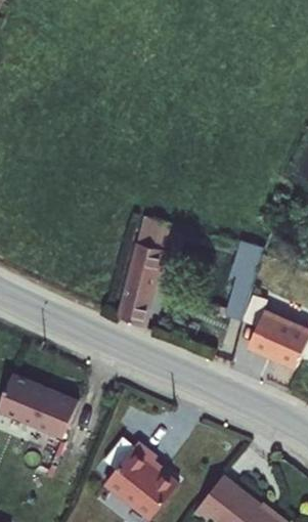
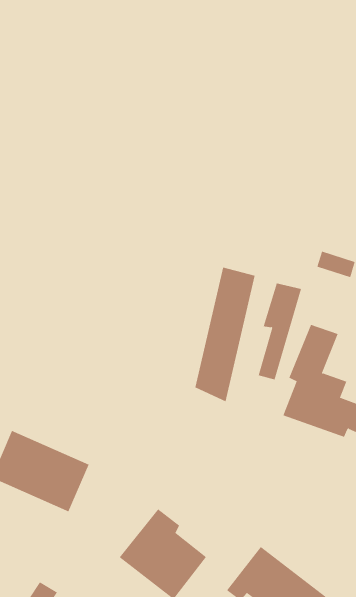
building: [114,224,165,338] -> [195,267,256,402]

